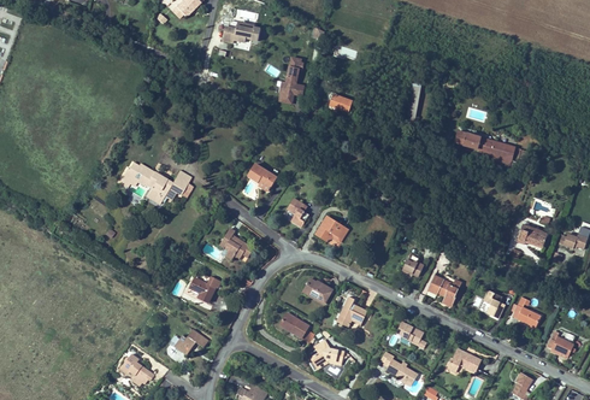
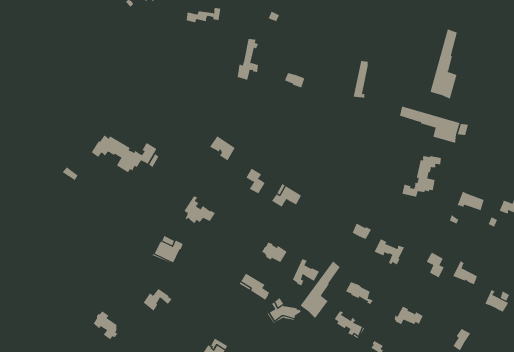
building: none -> [430,29,457,100]
building: none -> [402,155,441,198]
building: none -> [300,261,341,319]

